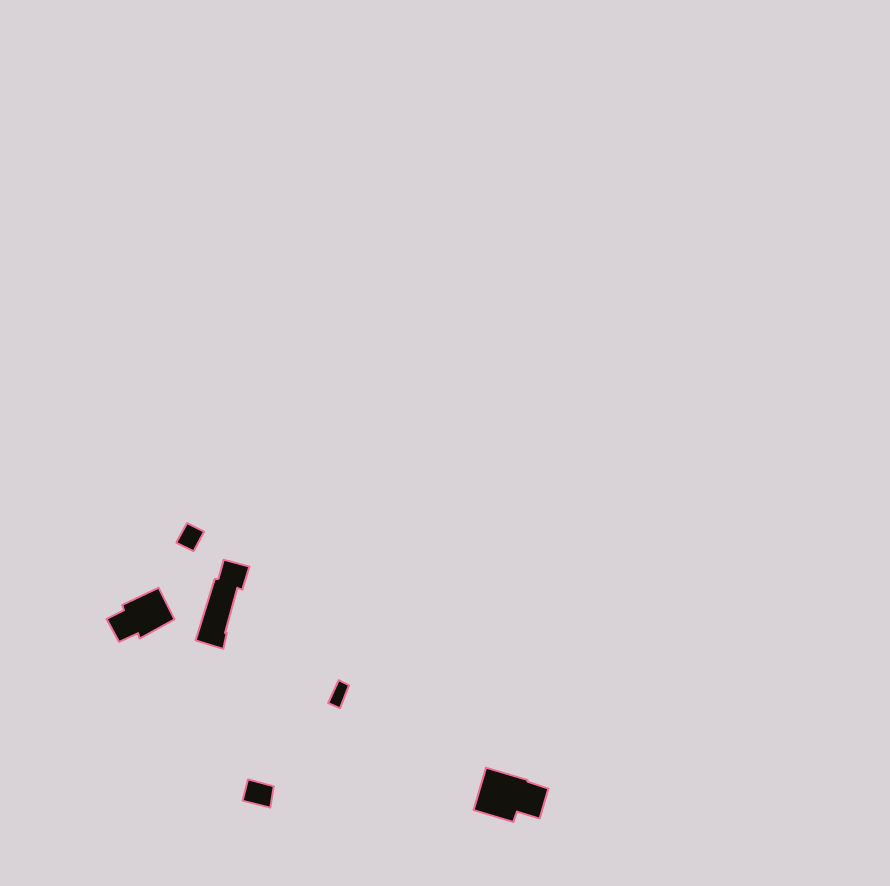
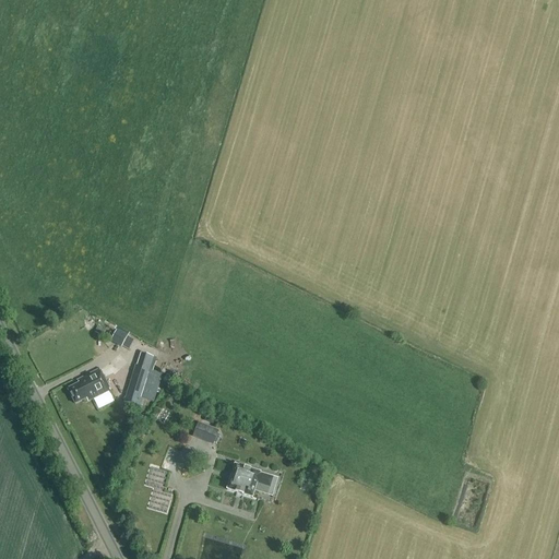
building: [473,768,549,822] -> [228,462,275,496]

